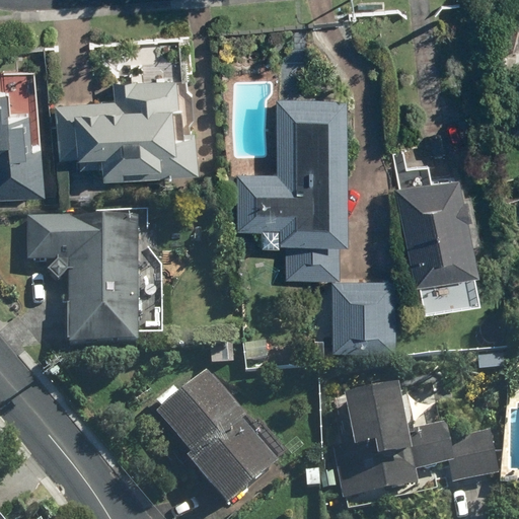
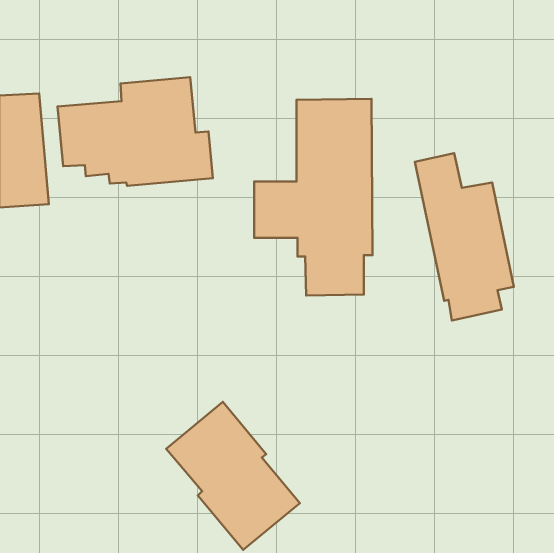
building: [26,217,139,347] -> none
building: [331,277,397,346] -> none
building: [331,388,499,500] -> none

